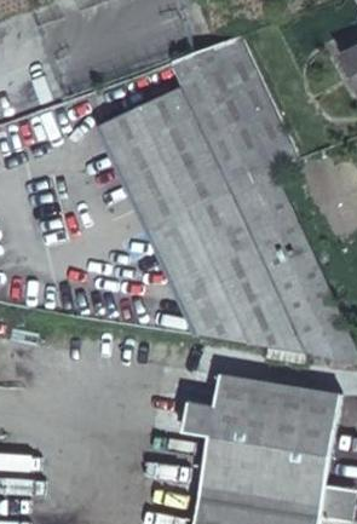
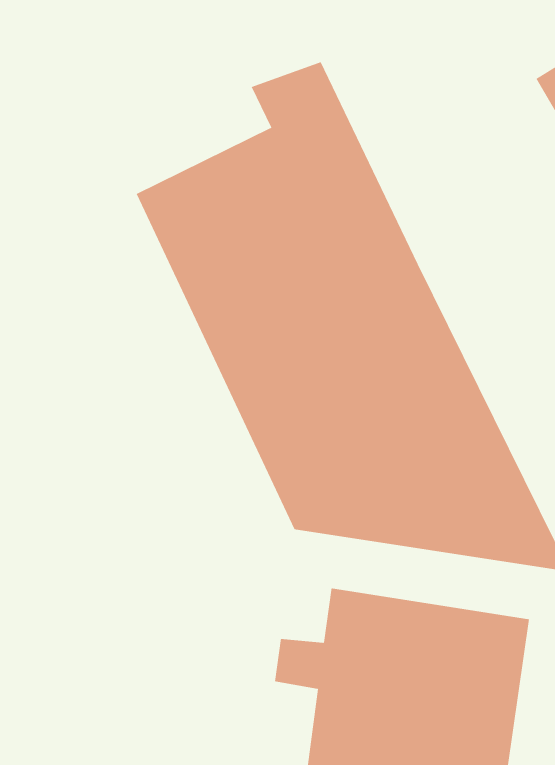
building: [211,35,294,171] -> none

